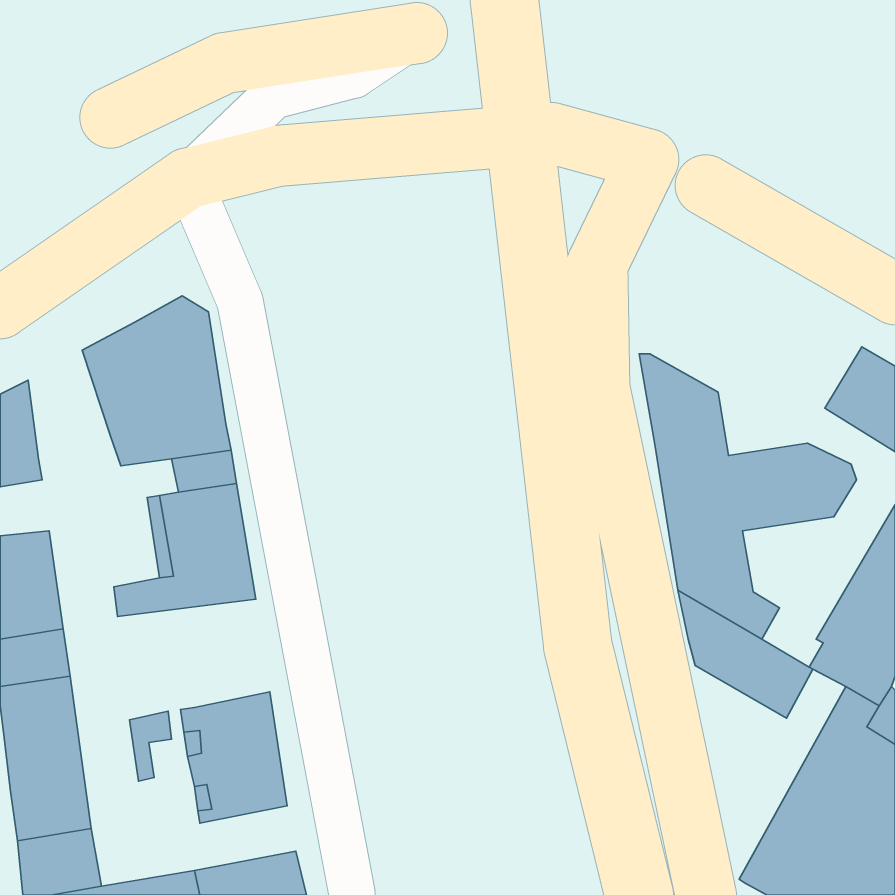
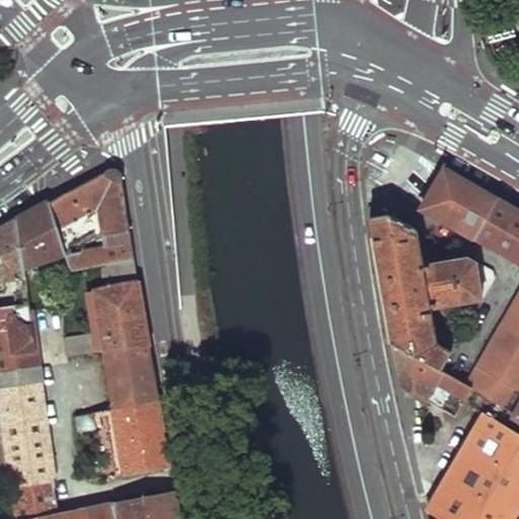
building: none -> [422,168,499,236]
building: none -> [16,203,64,266]
building: none -> [68,347,156,410]

